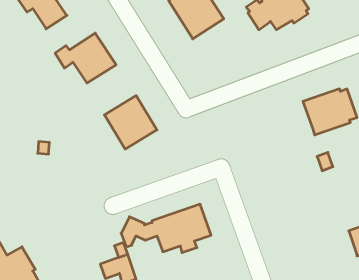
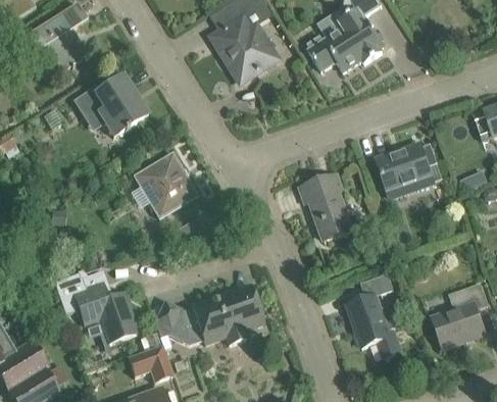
building: none -> [299,173,352,240]
building: none -> [50,266,136,342]
building: none -> [346,273,402,358]

